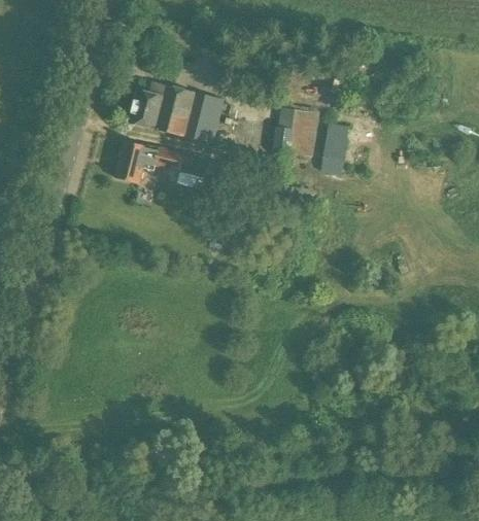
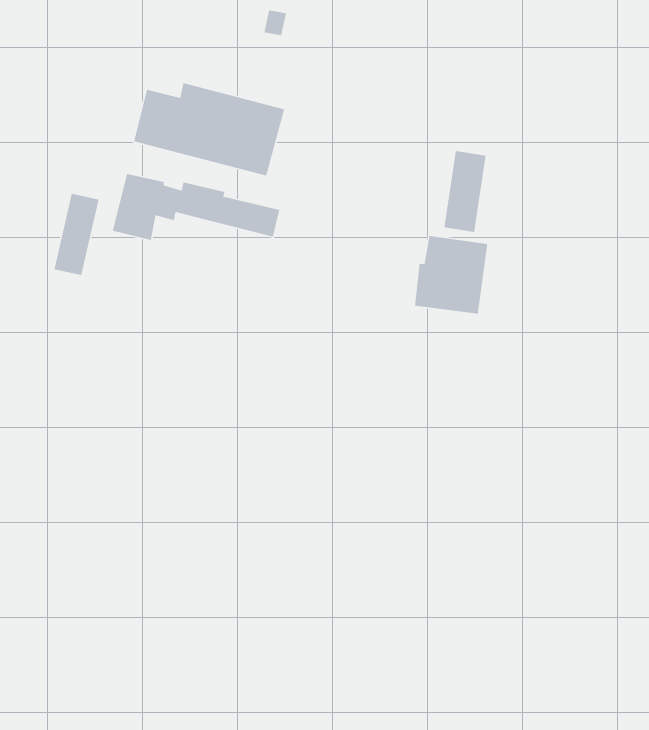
building: [272,107,318,157] -> [414,235,488,314]
building: none -> [54,193,99,276]

